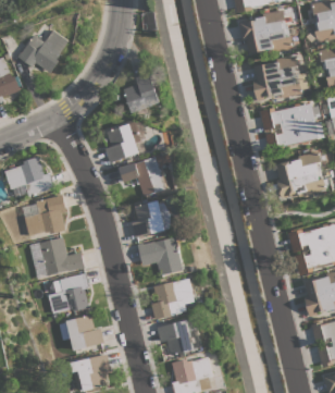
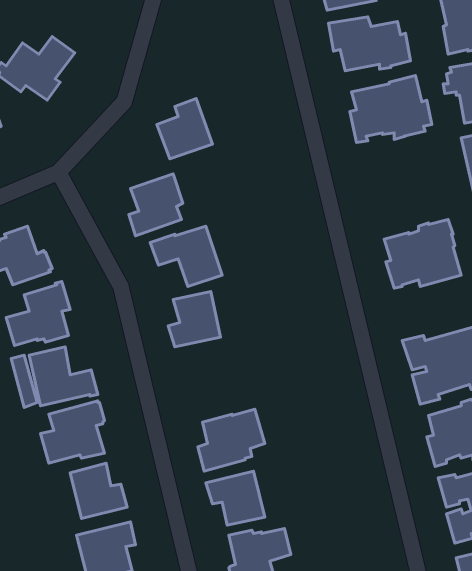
building: [260,102,320,152] -> none
building: [138,236,184,275] -> none

